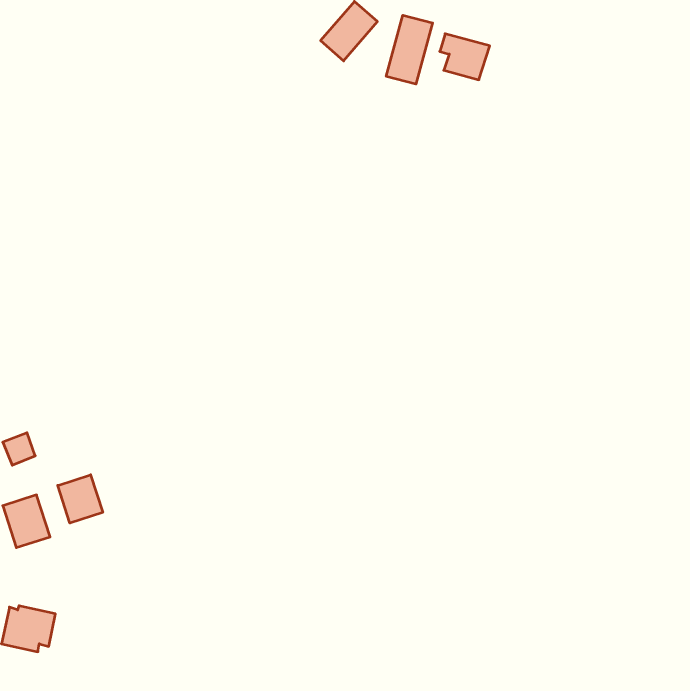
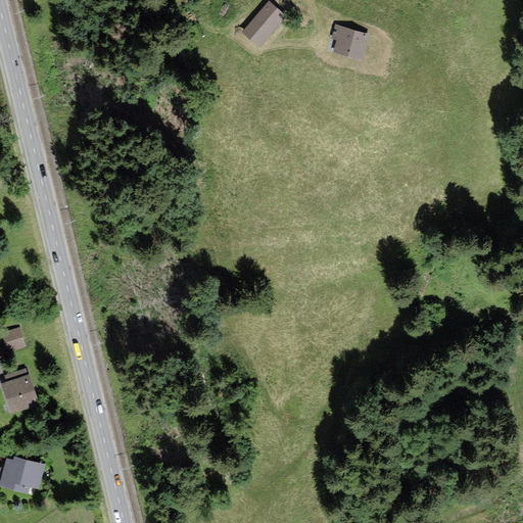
building: [386,15,433,84] -> none
building: [58,475,103,523] -> none

